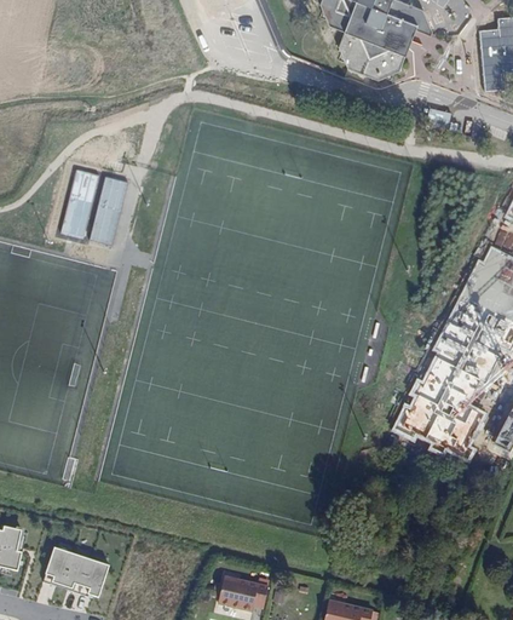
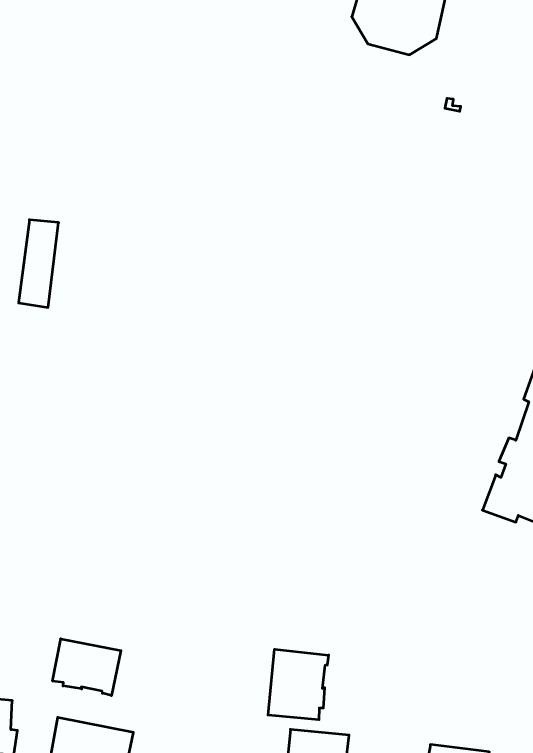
building: [90,176,127,246] -> none
building: none -> [53,639,121,696]
building: none -> [268,649,329,720]

